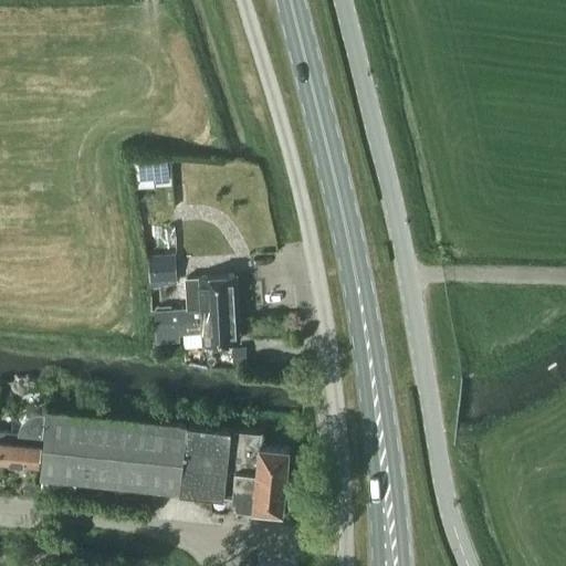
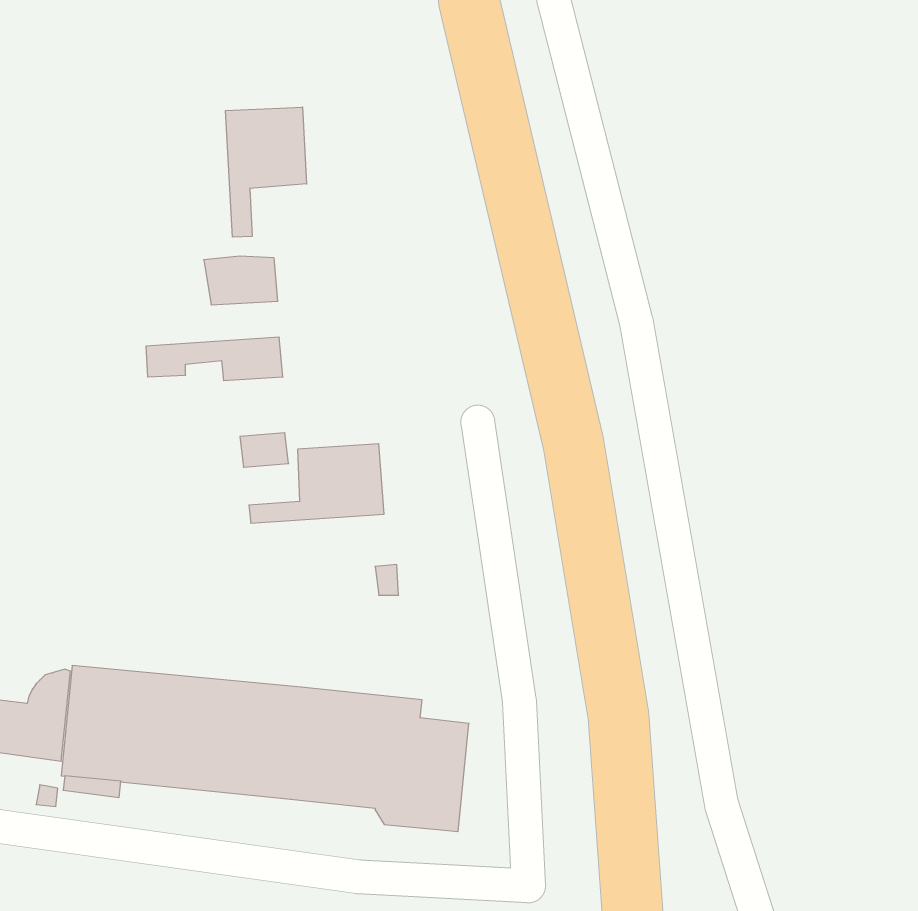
building: none -> [226,107,307,237]
building: [154,322,238,348] -> [146,337,283,380]

